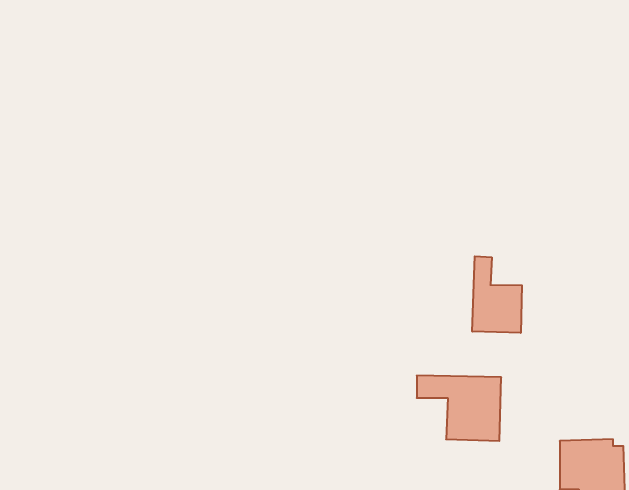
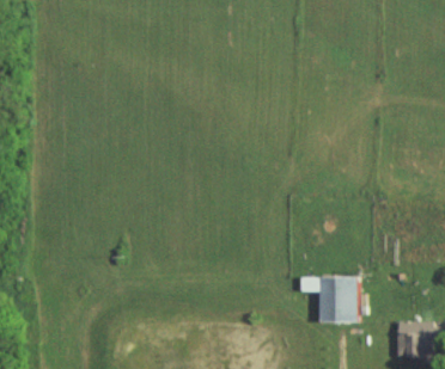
building: [472,256,522,333] -> none

